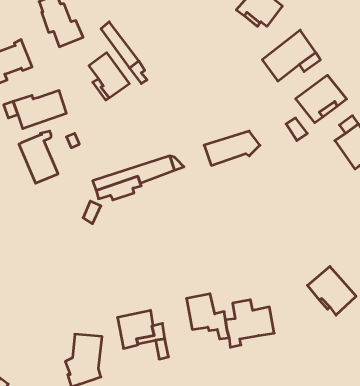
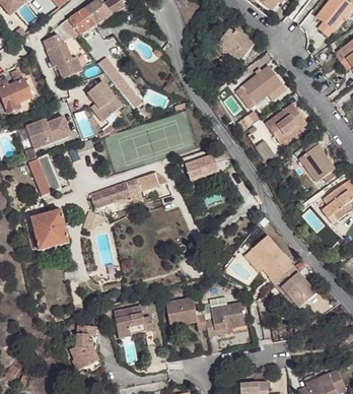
building: none -> [30,211,69,251]
building: none -> [246,235,294,283]

